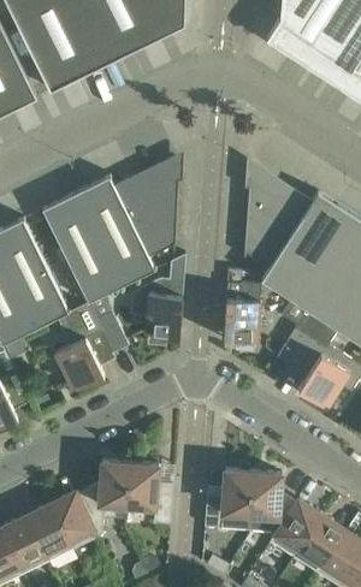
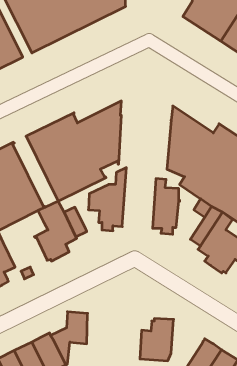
building: [129,462,172,524] -> none
building: [244,470,295,530] -> none

